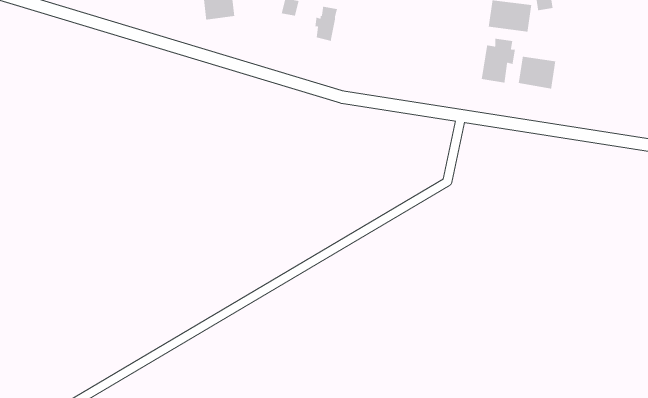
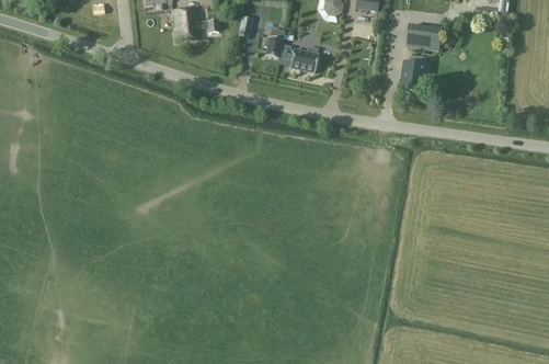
building: none -> [278,44,318,71]
building: [518,56,556,89] -> none

